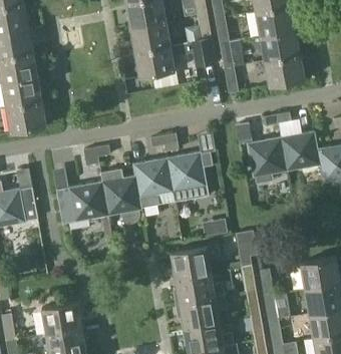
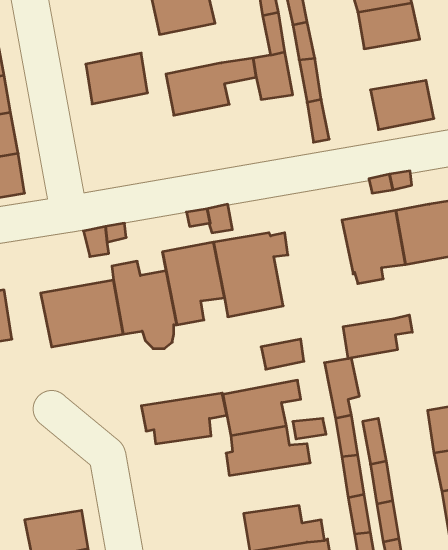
building: [130,18,169,50] -> [86,53,148,104]
building: [260,28,299,60] -> none
building: none -> [343,315,412,359]
building: [175,296,229,328] -> [141,393,227,444]
building: [41,301,81,332] -> none

